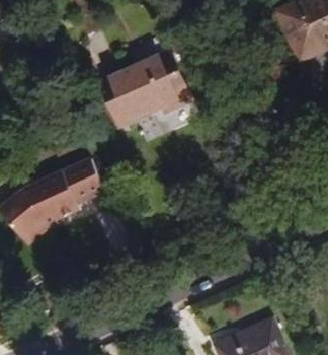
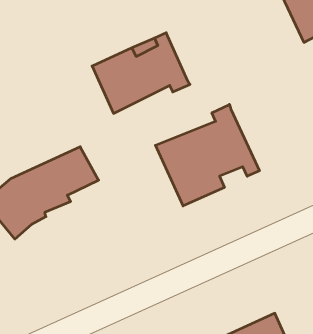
building: none -> [155,104,259,206]

